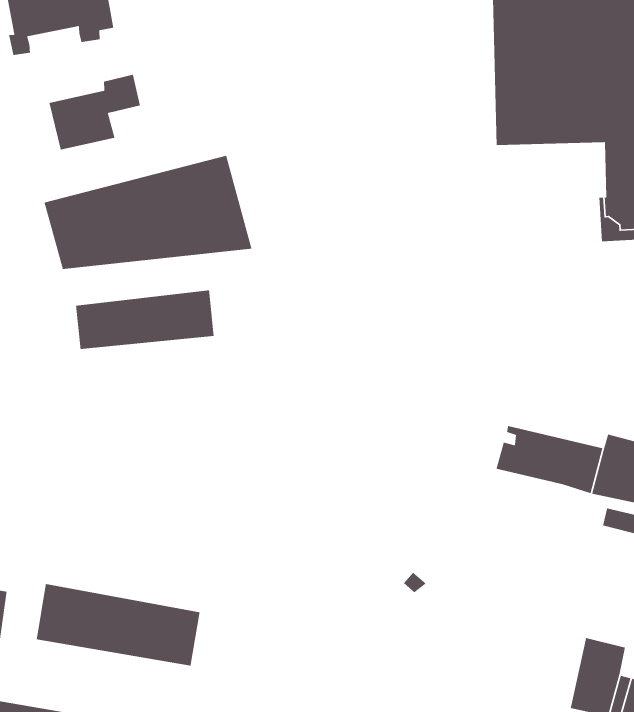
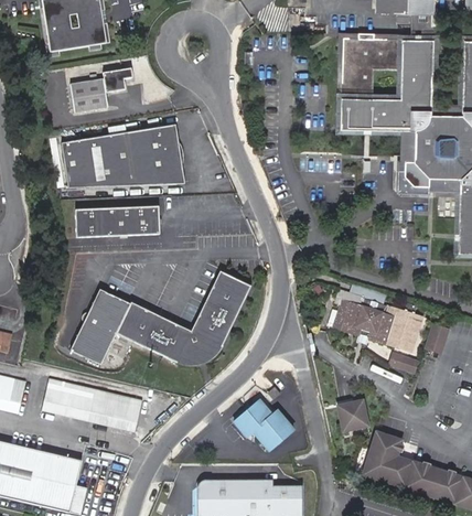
building: none -> [62,271,251,365]
building: none -> [337,400,368,430]
building: none -> [233,400,293,452]

